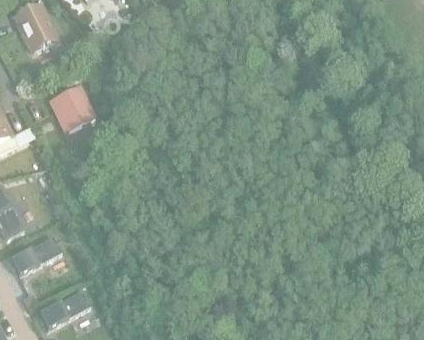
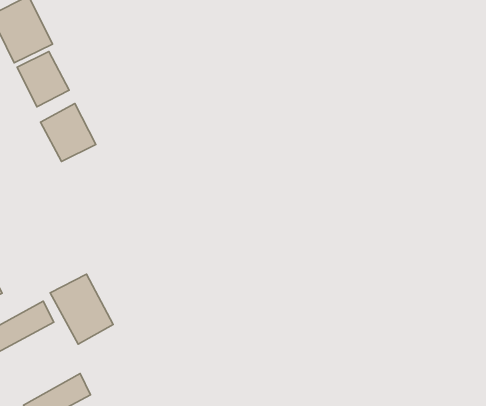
building: none -> [17,52,69,107]
building: none -> [50,274,113,344]

